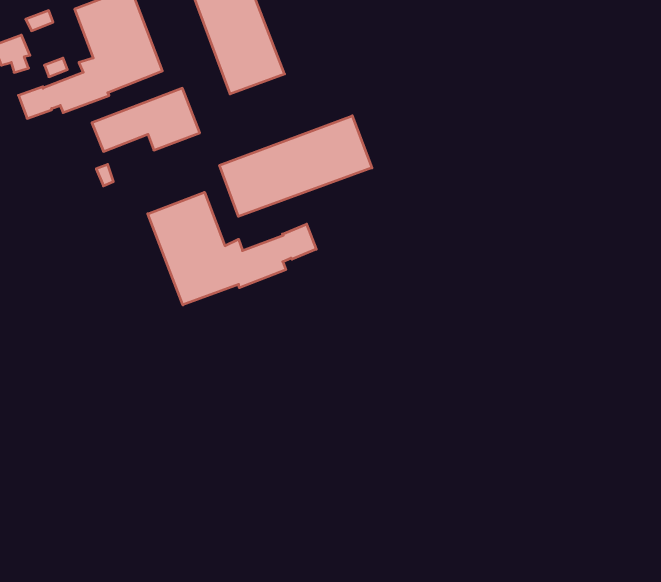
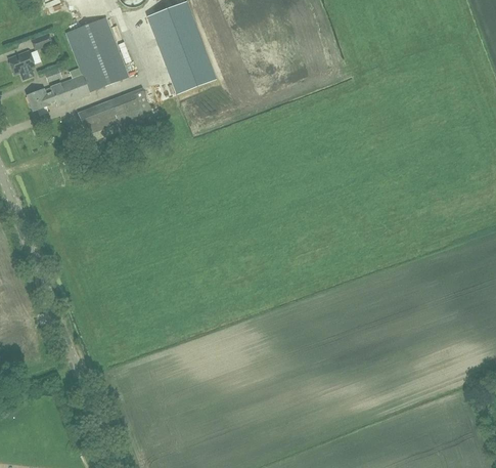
building: [220,116,372,216] -> none
building: [148,192,316,305] -> none

